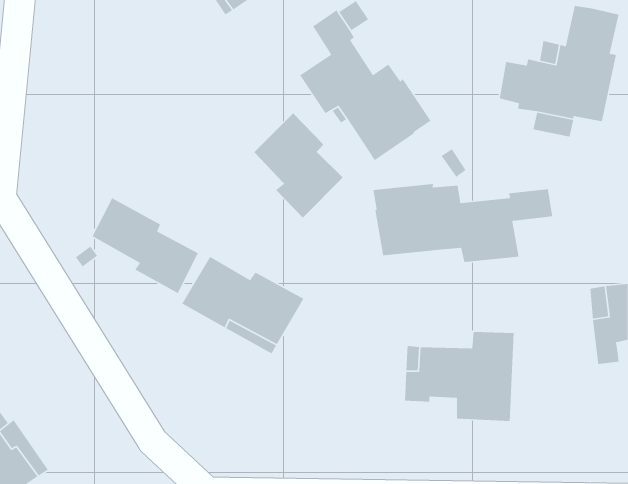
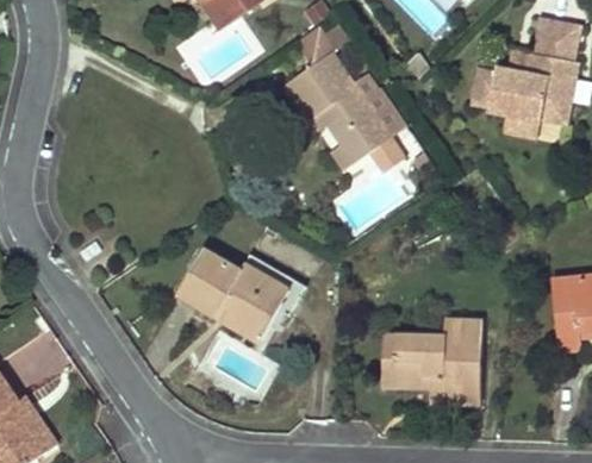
building: [254,113,344,218] -> none
building: [373,183,553,263] -> none
building: [92,197,199,294] -> none

